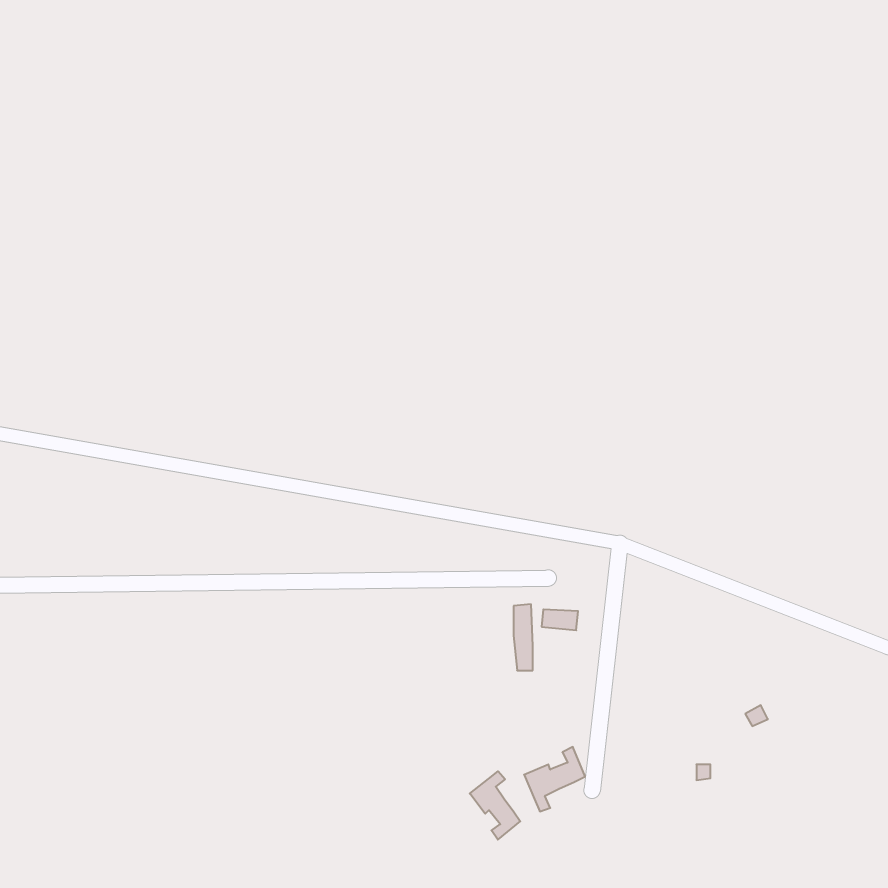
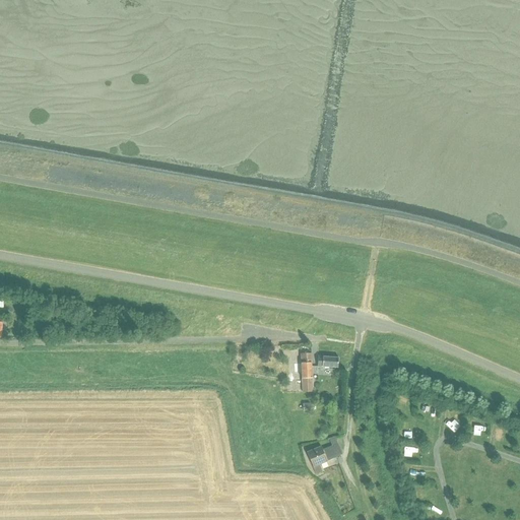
building: [470,771,520,840] -> none

